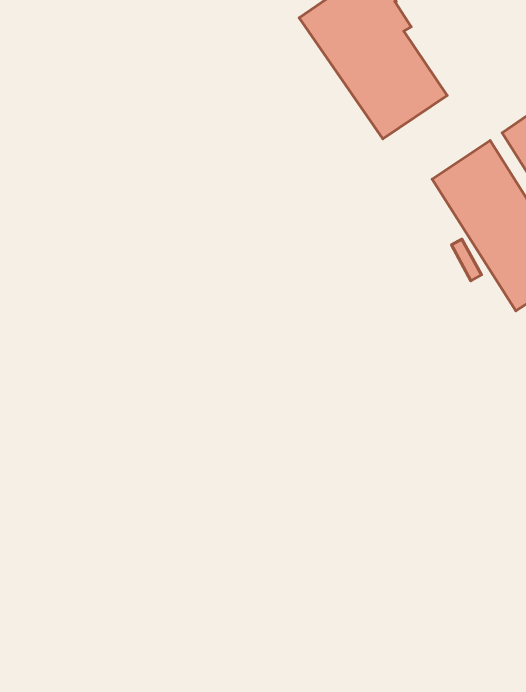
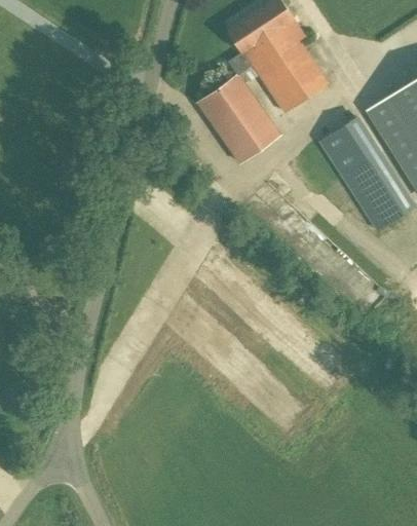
building: none -> [195,73,281,165]

